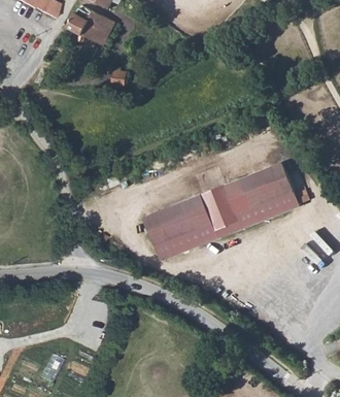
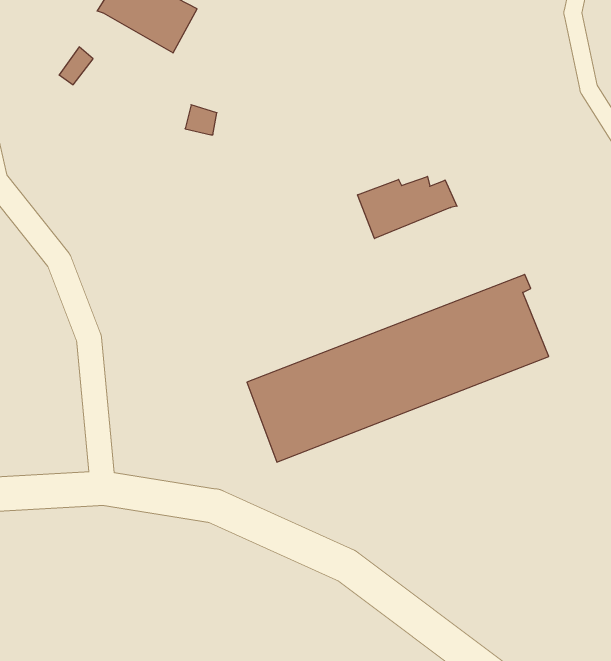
building: none -> [358,176,457,239]

